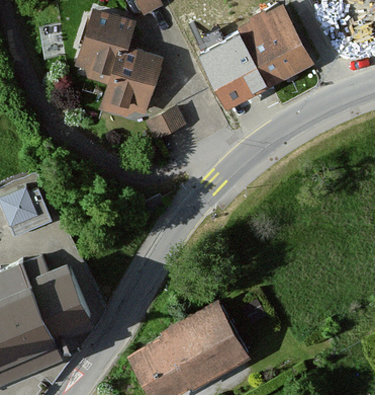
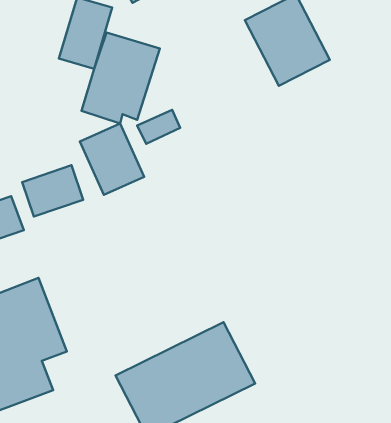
building: [200,30,272,110] -> none
building: none -> [80,123,144,195]
building: none -> [22,165,83,217]

